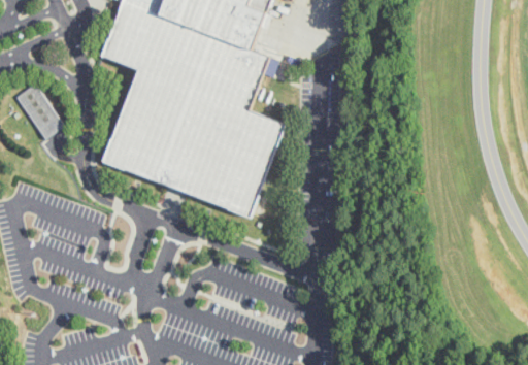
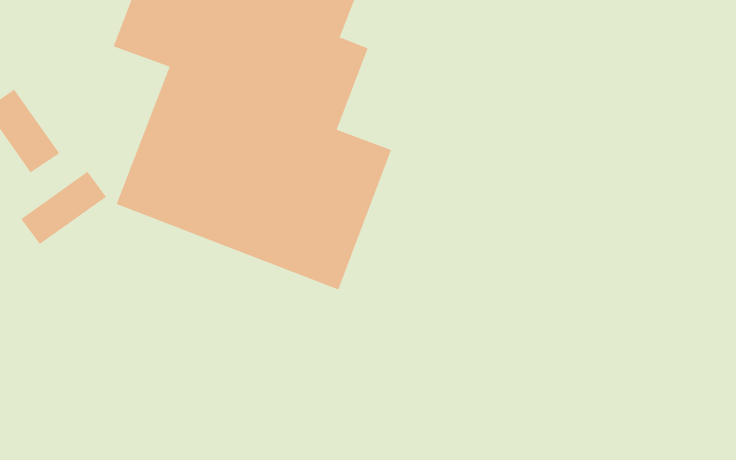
building: none -> [21,171,107,245]

